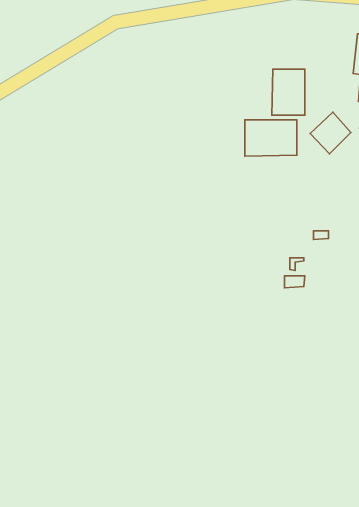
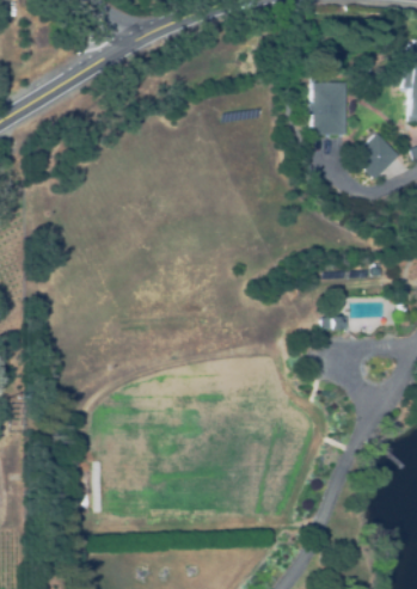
building: [245,120,297,156] -> none

